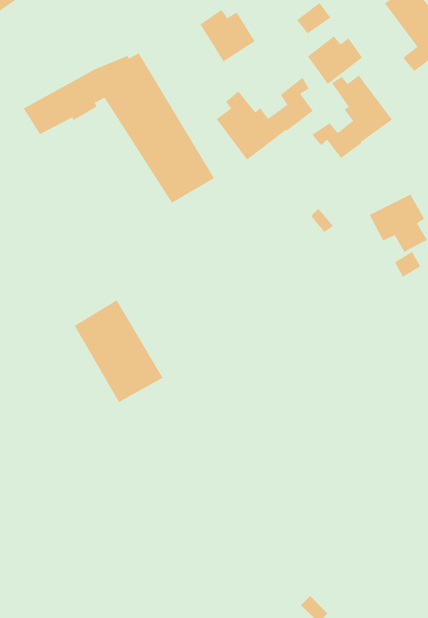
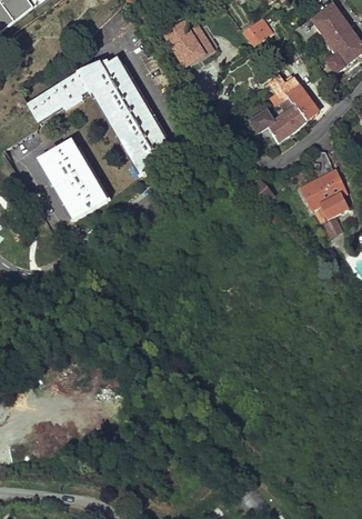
building: [307,35,363,85] -> none
building: [216,77,313,160] -> none
building: [74,299,163,403] -> [38,139,109,221]

